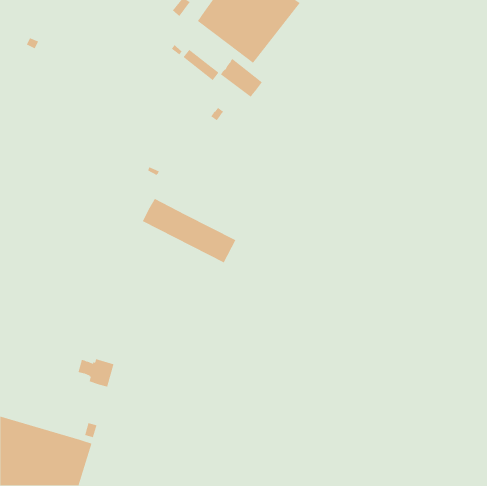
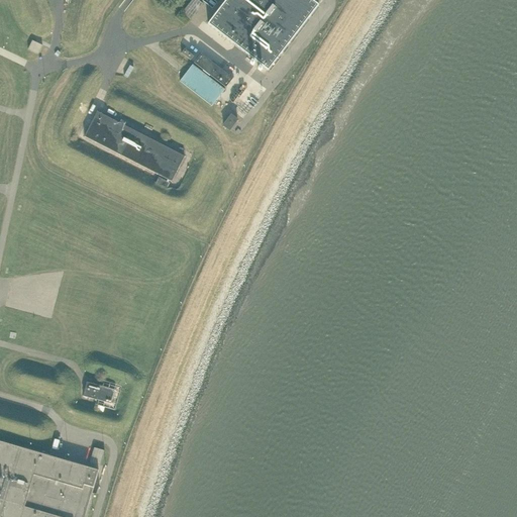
building: [220,58,263,97] -> [179,63,224,104]
building: [142,198,237,264] -> [84,110,184,180]

